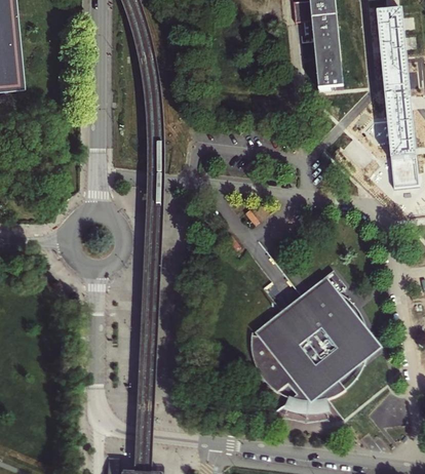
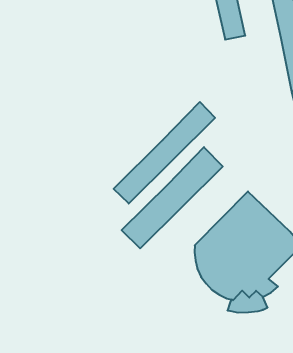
building: none -> [114,102,215,204]
building: none -> [122,147,223,248]

